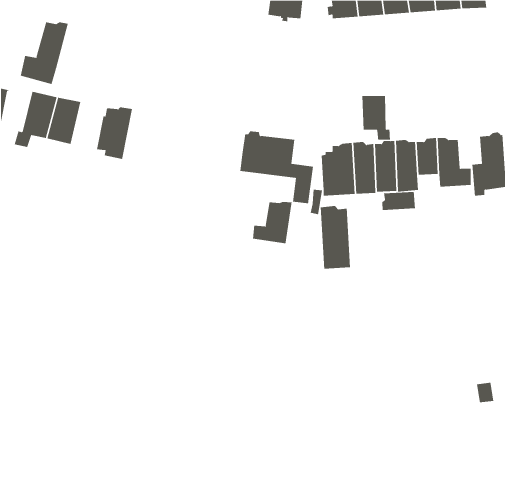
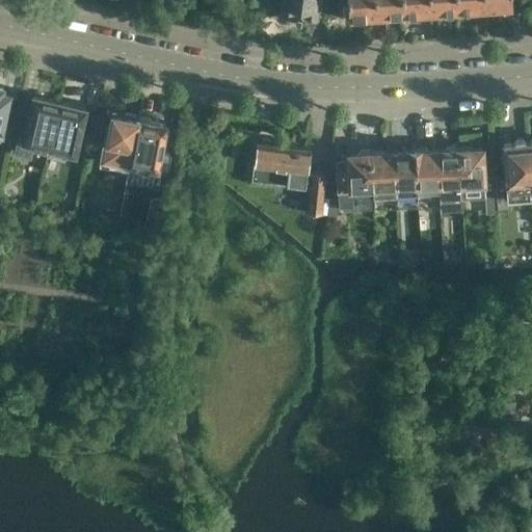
building: [20,21,68,85] -> none
building: [362,95,391,141] -> none
building: none -> [130,118,165,175]
building: [382,191,415,211] -> none
building: [253,201,292,244] -> none
building: [320,205,351,269] -> none

